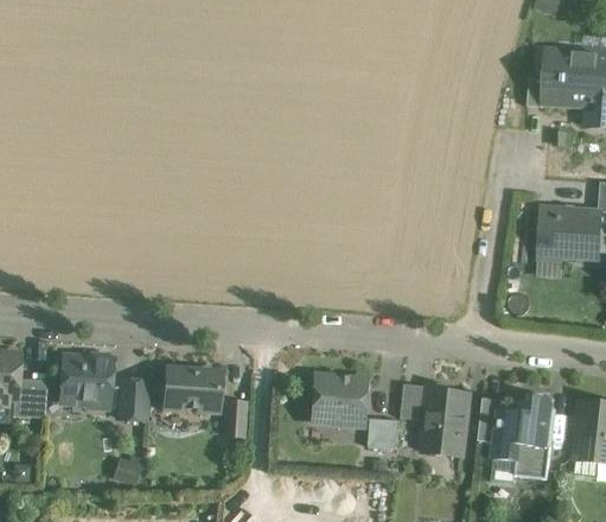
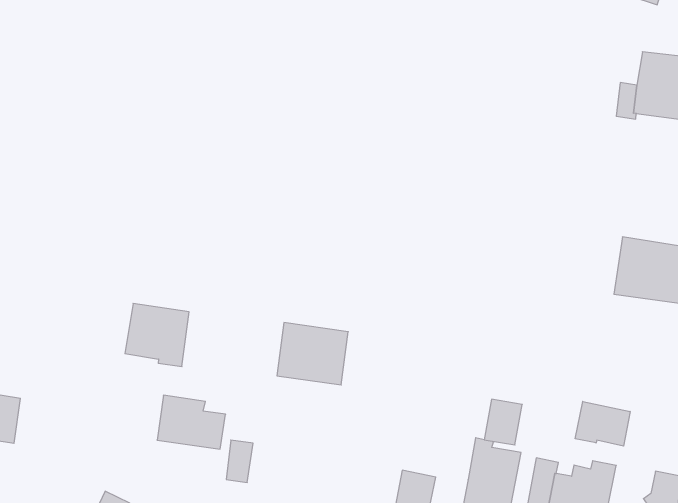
building: none -> [575,401,630,446]
building: [59,357,110,407] -> [125,303,189,367]
building: [311,376,368,425] -> [277,323,348,385]
building: [120,381,146,420] -> none
building: [401,383,430,420] -> [484,399,522,445]

